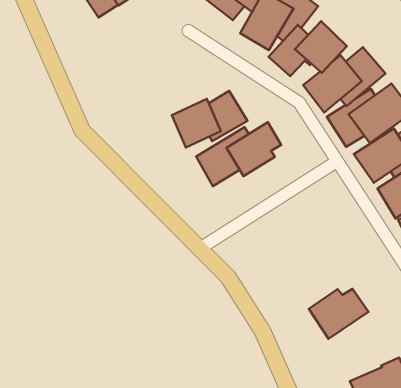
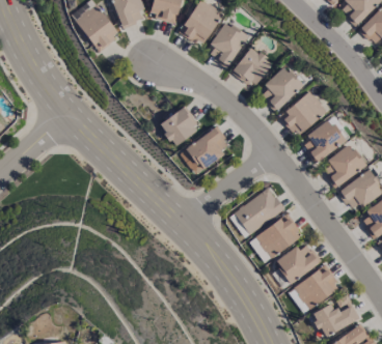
building: none -> [233,188,283,235]
building: none -> [254,213,302,259]
building: none -> [286,266,339,313]

